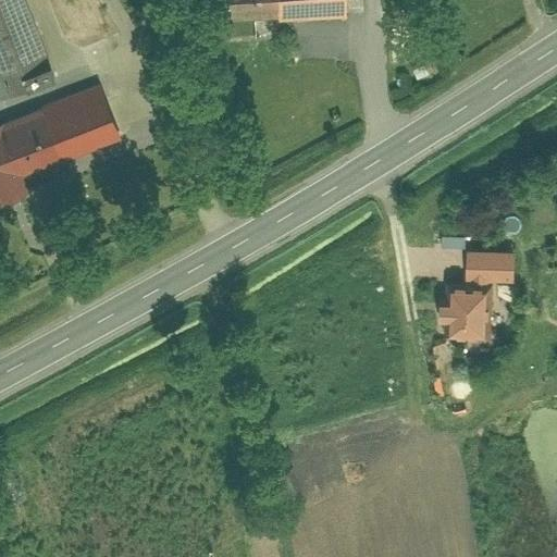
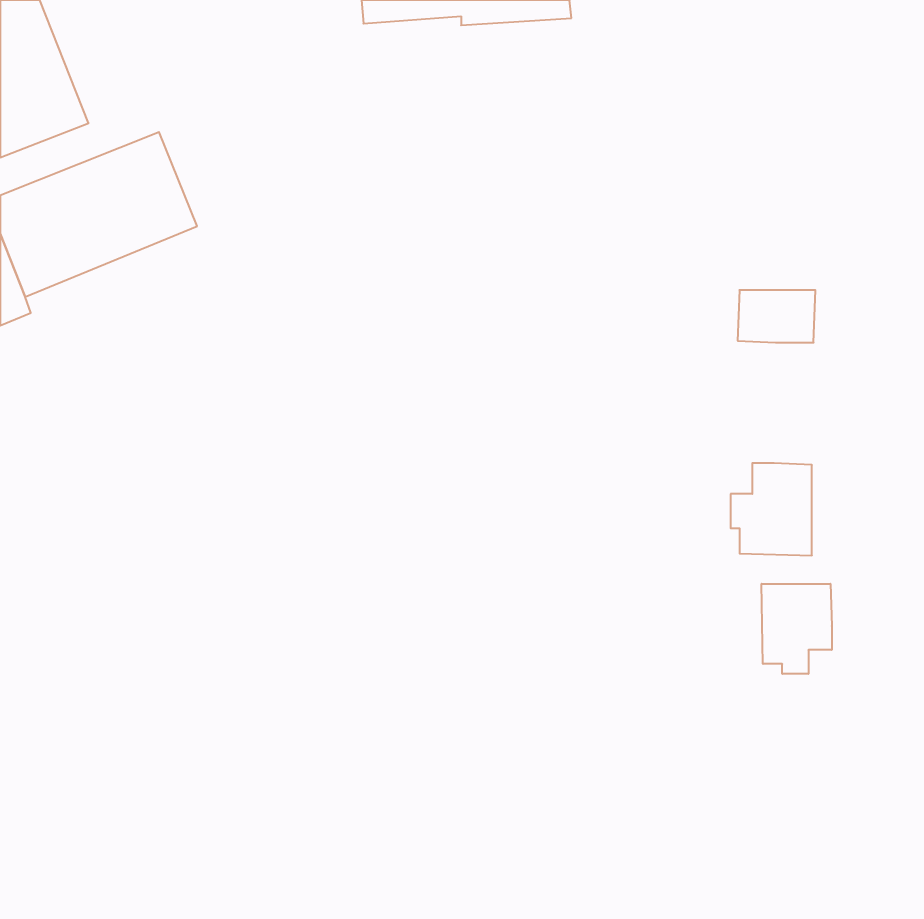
building: [466,251,512,283] -> [738,290,815,343]
building: none -> [762,584,832,674]

